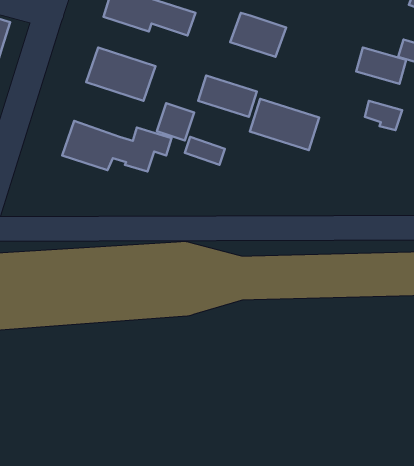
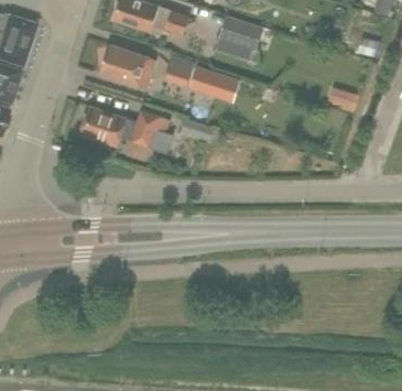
building: [356,48,406,84] -> none
building: [250,99,319,150] -> none
building: [157,103,194,140] -> [164,56,195,87]

